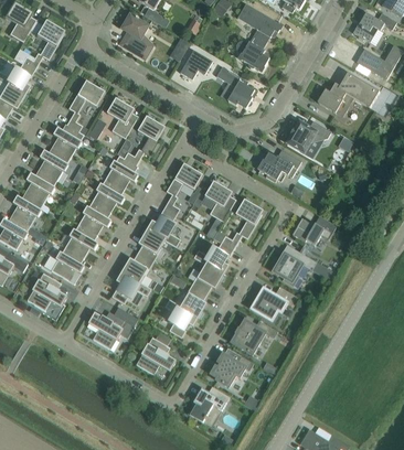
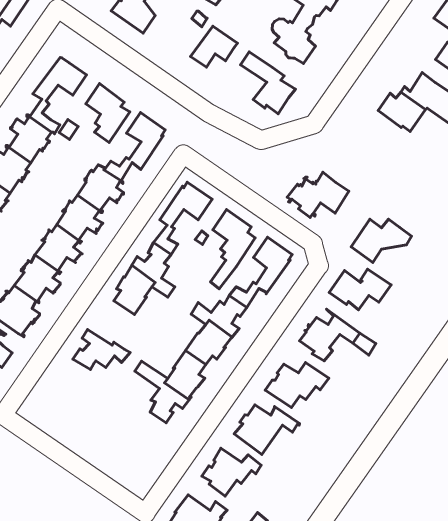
building: [287,120,330,152] -> [351,219,412,262]
building: [119,253,152,287] -> none
building: [87,311,134,350] -> none
building: [136,336,176,375] -> none

